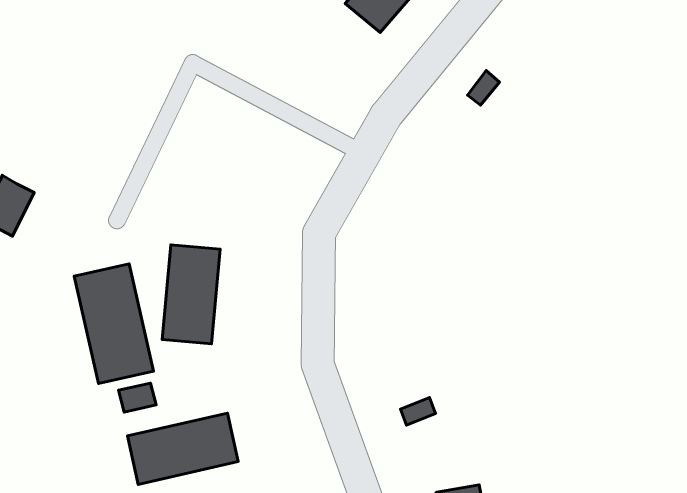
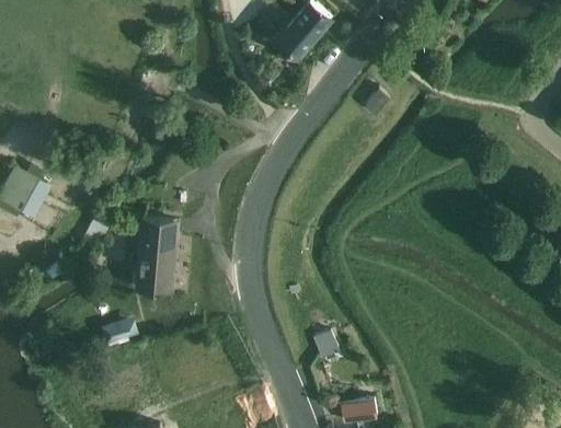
building: [74,264,154,384] -> none
building: [128,413,238,484] -> none

